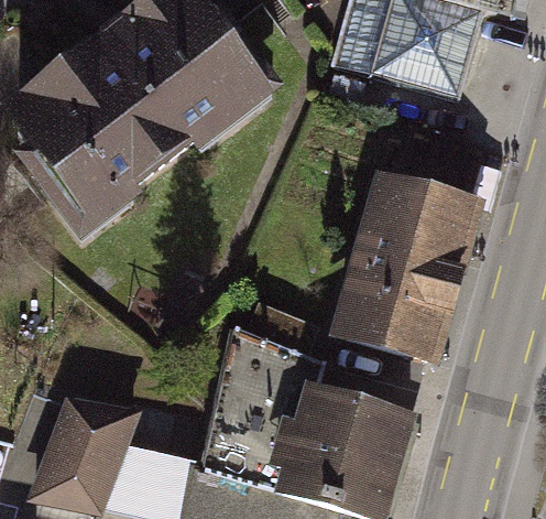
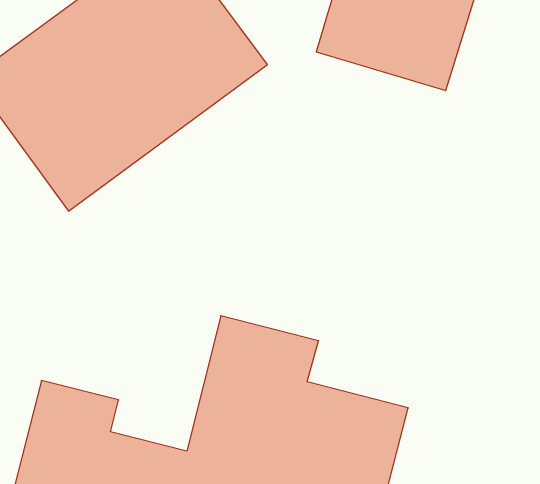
building: [334,173,472,365] -> none

